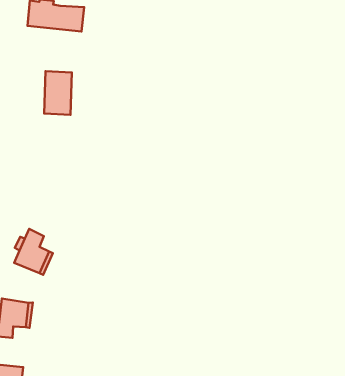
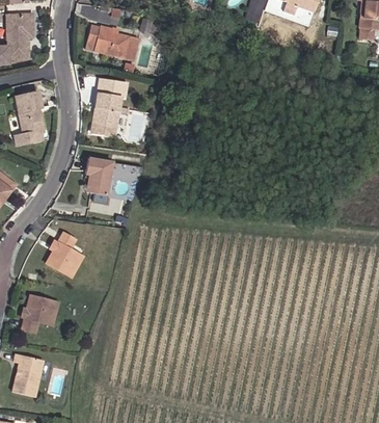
building: none -> [97,76,131,97]
building: none -> [86,157,112,194]

